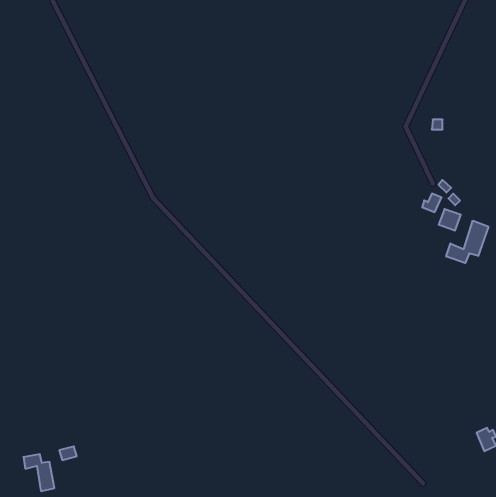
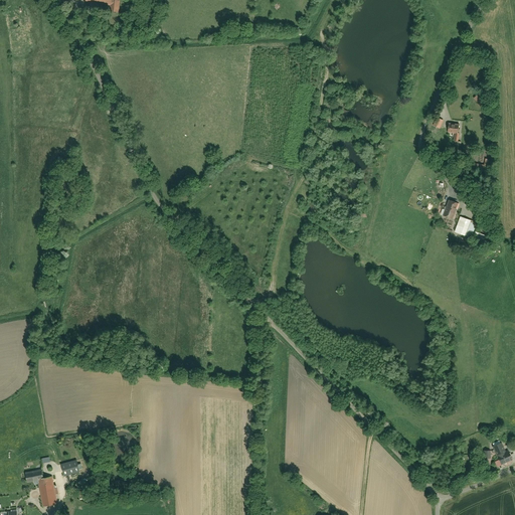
building: [446,221,488,263] -> none

